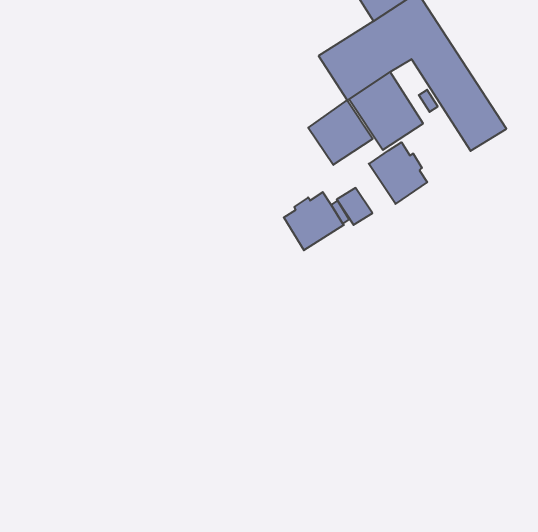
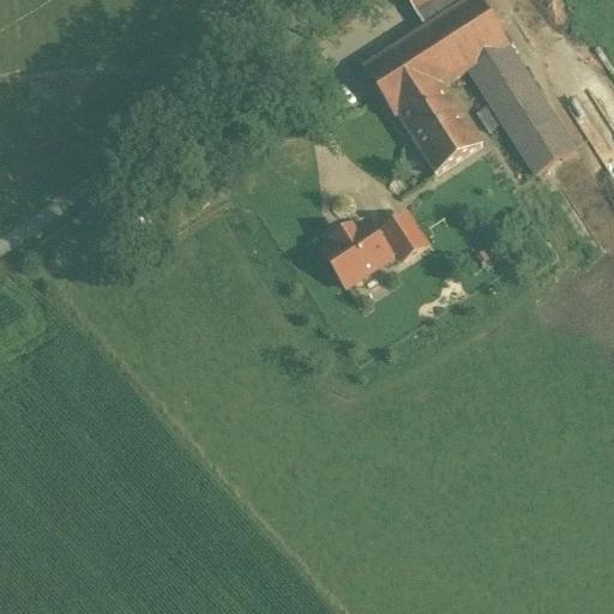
building: [308,100,373,165] -> none
building: [369,142,427,204] -> none

